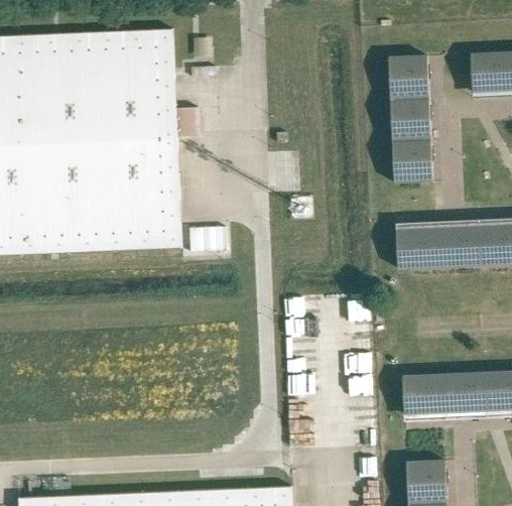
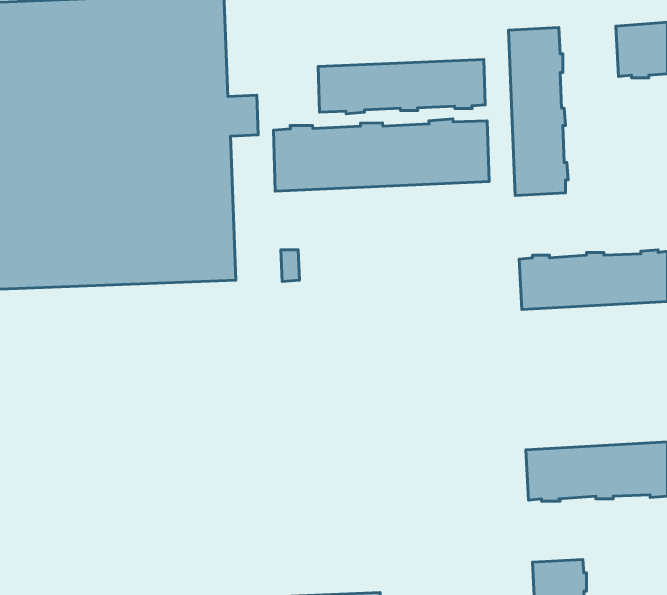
building: none -> [318,59,485,114]
building: none -> [273,119,489,191]

